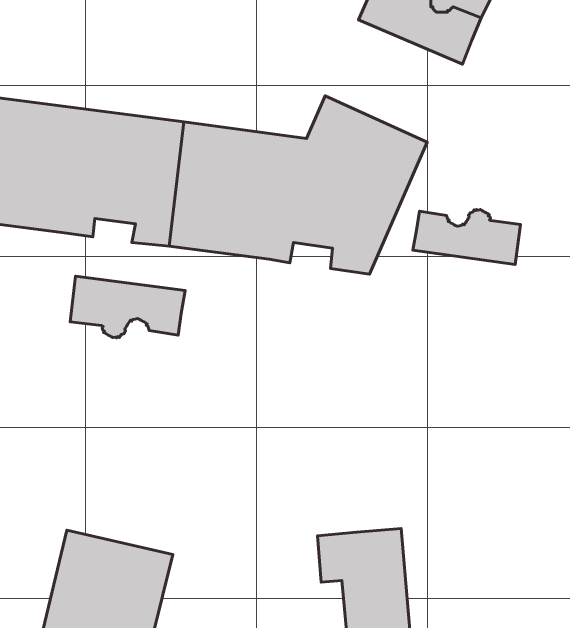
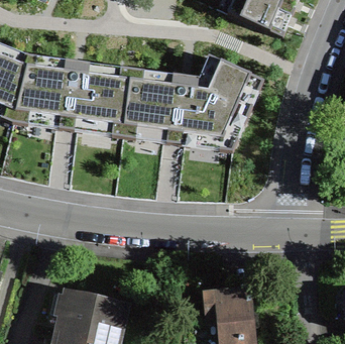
building: [413,209,520,265] -> none
building: [70,276,185,338] -> none

